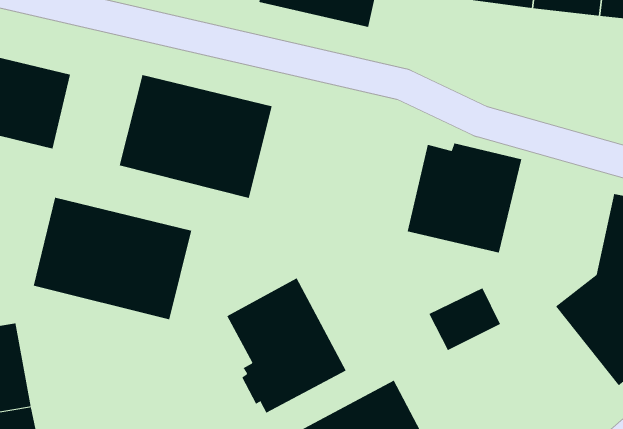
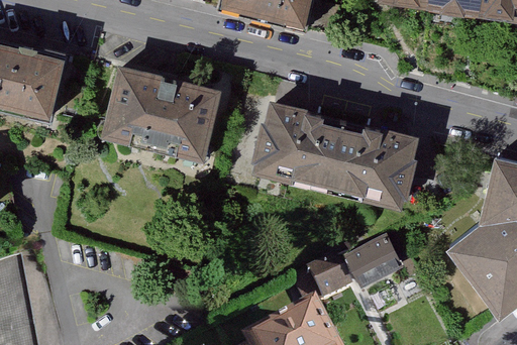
building: none -> [251,94,346,188]
building: [33,197,192,320] -> none
building: [226,278,347,413] -> none
building: none -> [307,258,352,304]

